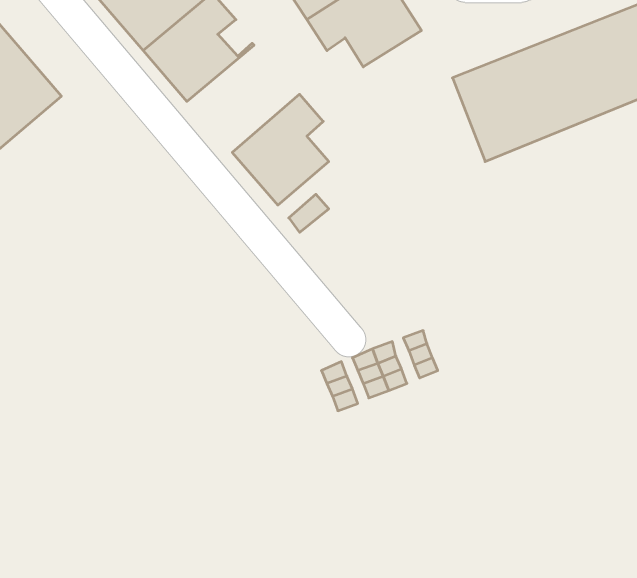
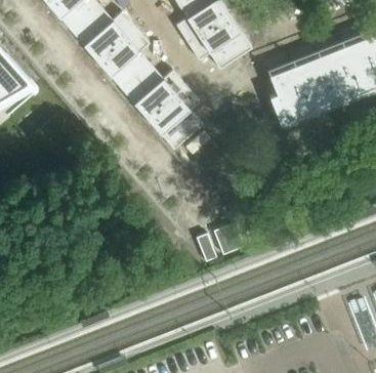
building: none -> [119,56,182,117]

